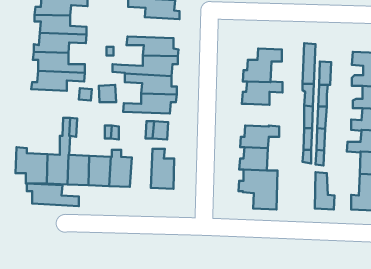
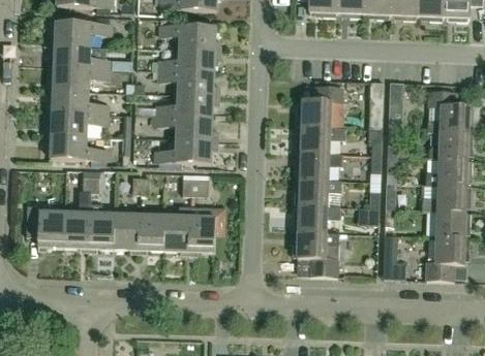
building: none -> [150,50,221,74]
building: none -> [295,153,341,180]
building: none -> [162,205,189,253]
building: [27,184,79,206] -> [44,135,107,162]

